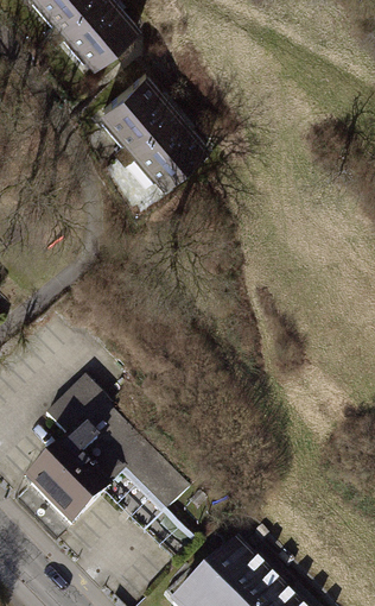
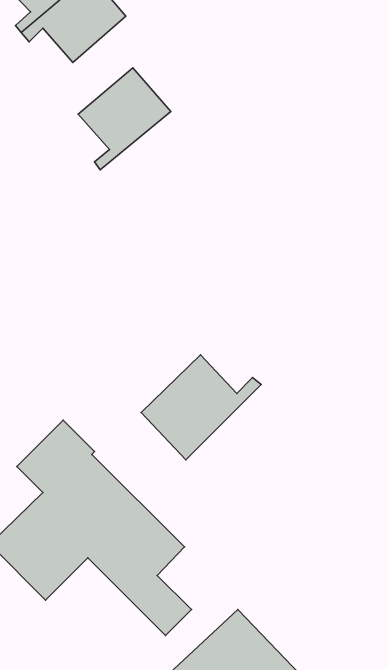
building: [114,111,206,188] -> none
building: none -> [141,355,261,460]

